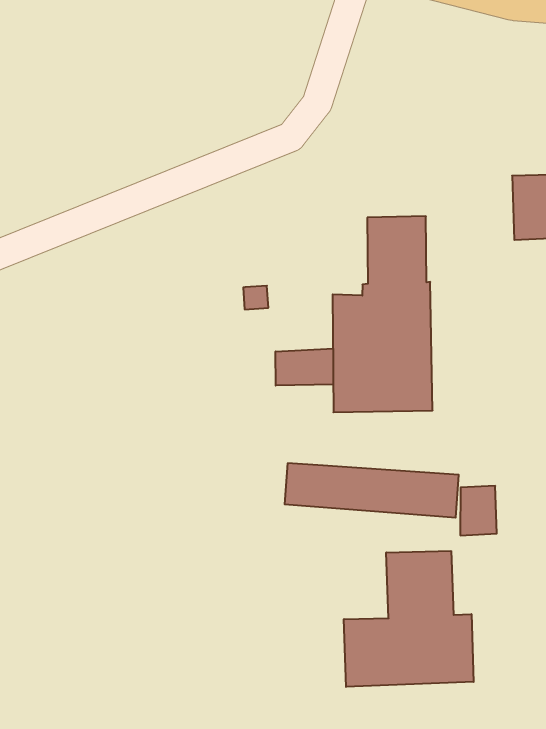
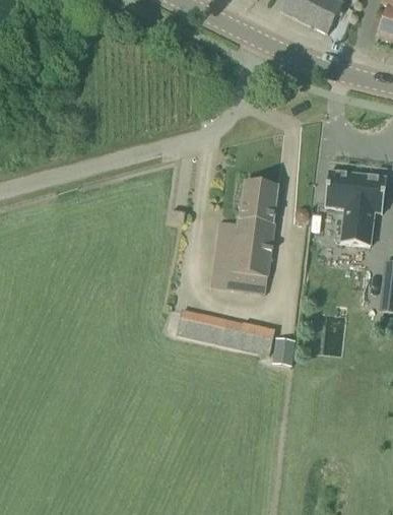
building: [276,349,333,386] -> none
building: [344,551,474,687] -> none

